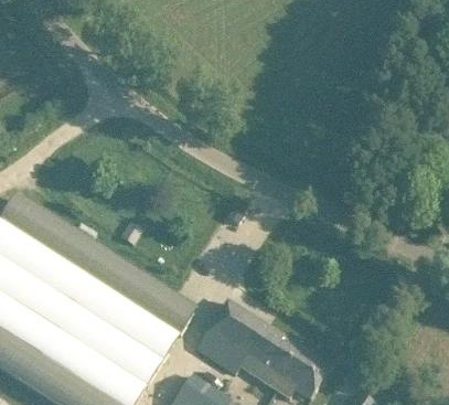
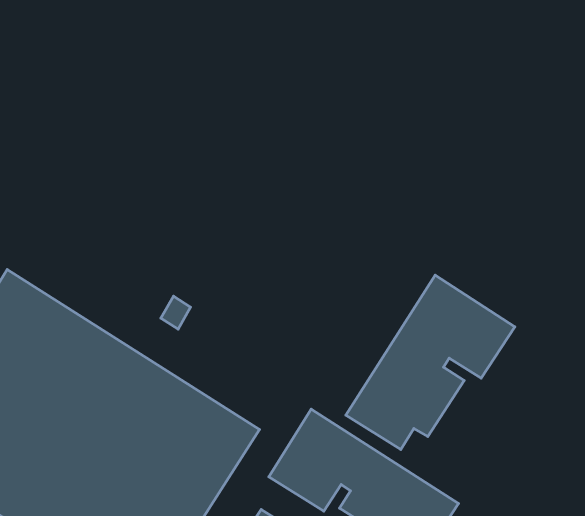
building: none -> [346,275,515,449]

